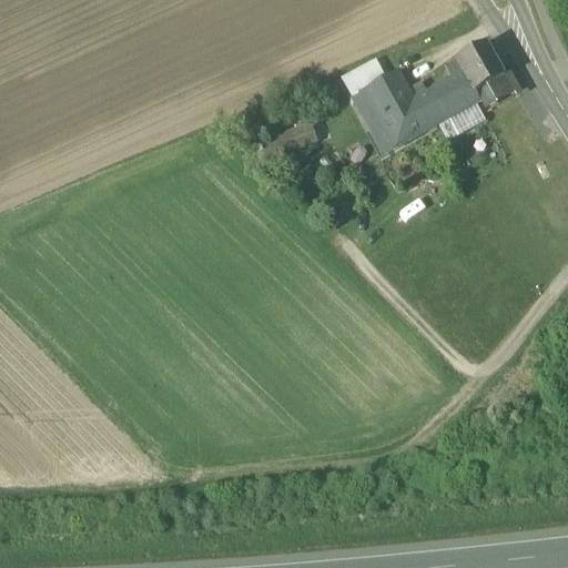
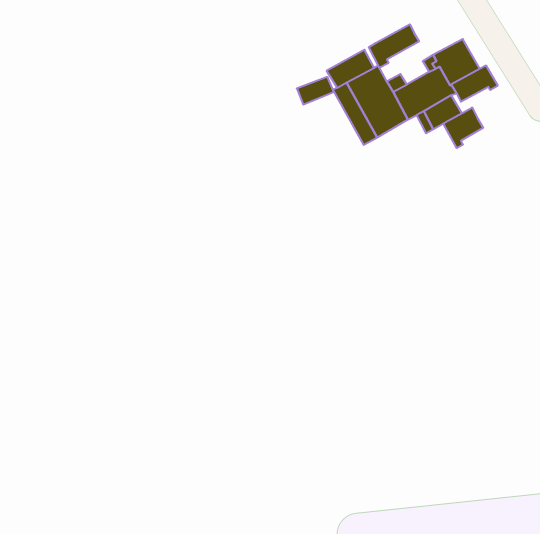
building: none -> [369,24,419,68]
building: none -> [444,107,483,148]
building: [277,121,316,150] -> [297,77,334,104]

